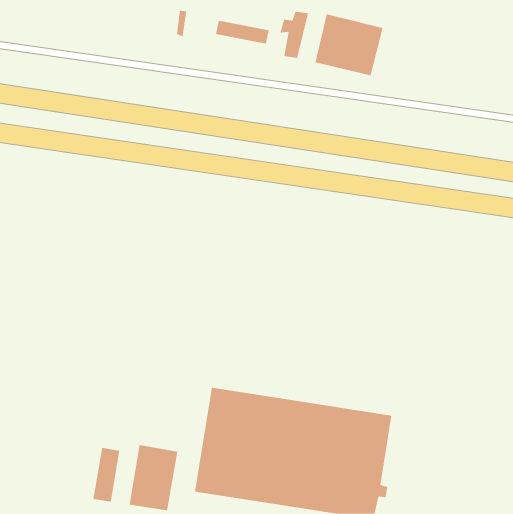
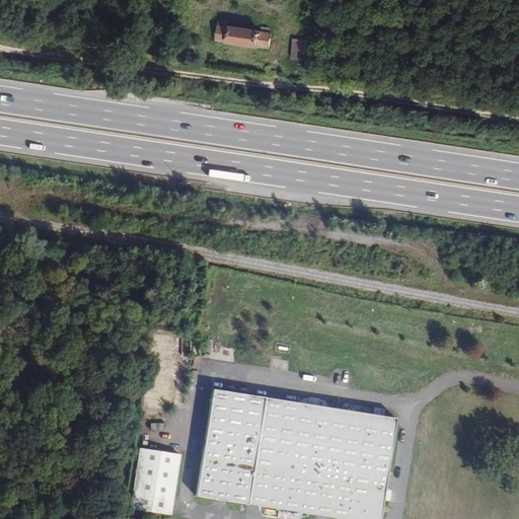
building: [315,14,383,76] -> none
building: [93,447,120,502] -> none

